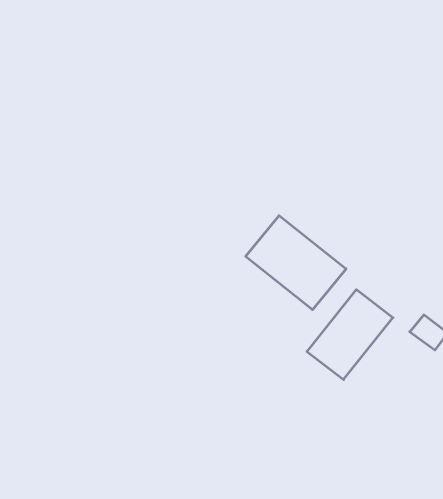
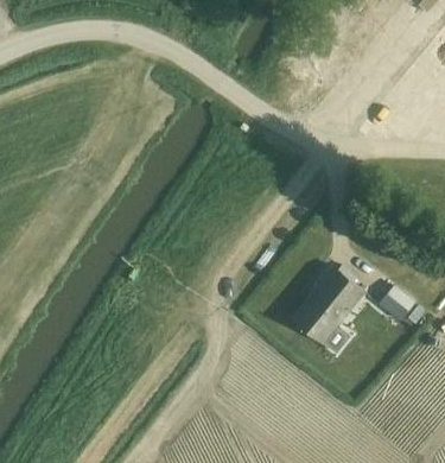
building: [246,216,346,310] -> none

